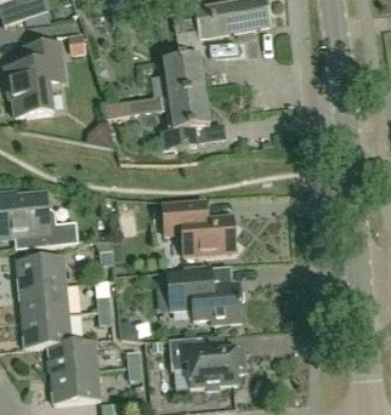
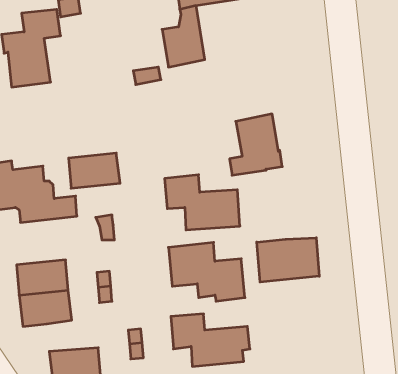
building: [159,89,210,148] -> [230,114,282,175]
building: [16,254,66,288] -> [69,153,120,188]
building: none -> [257,238,319,282]
building: [47,339,97,371] -> none

